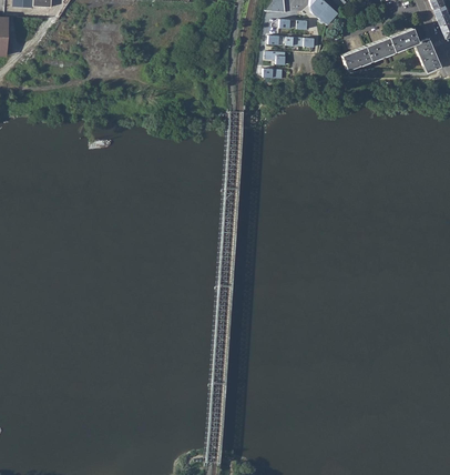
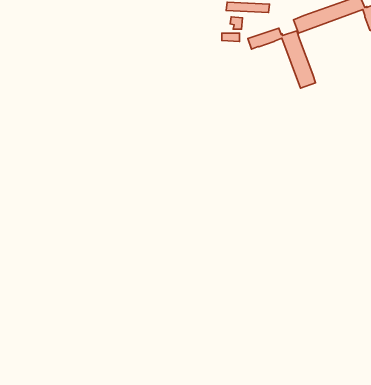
building: none -> [248,28,316,88]

